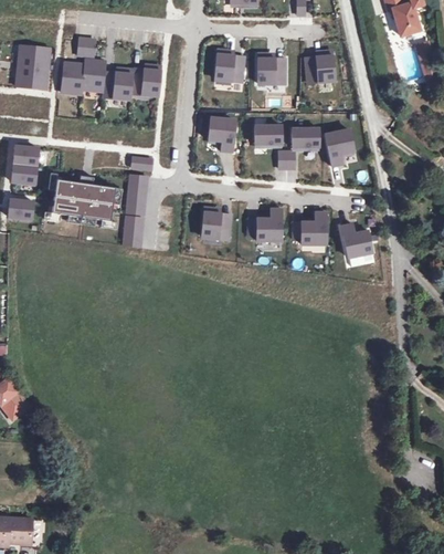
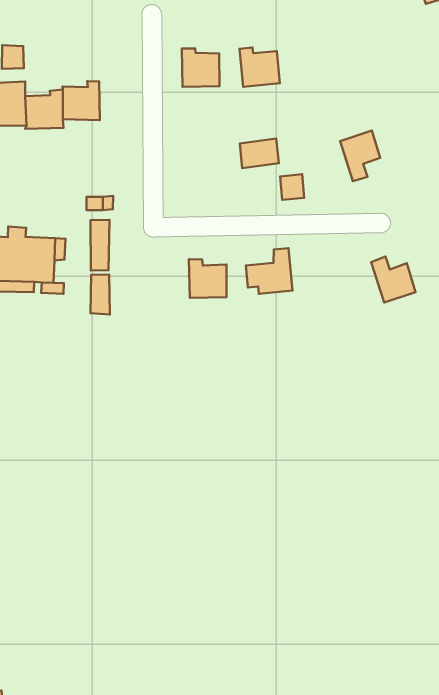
building: [306,52,336,83] -> none
building: [209,117,235,151] -> none
building: [289,126,317,146] -> none
building: [296,211,329,243] -> none

